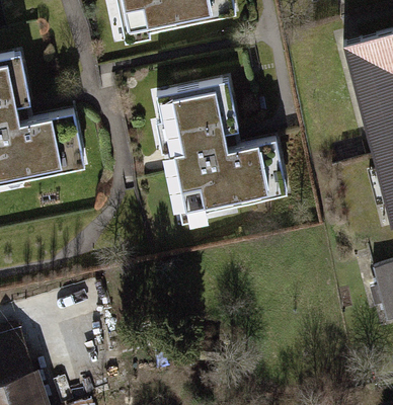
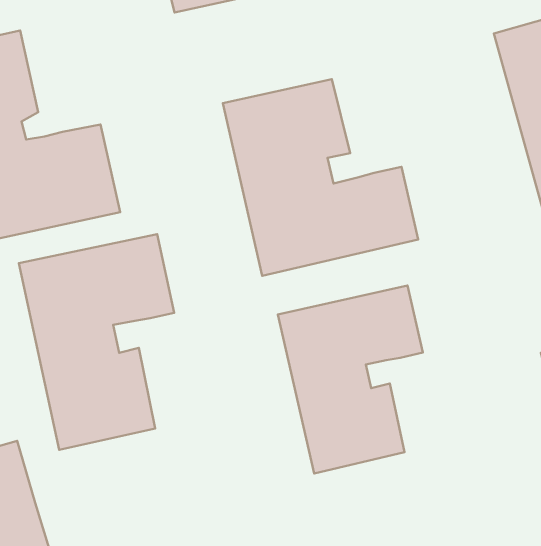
building: none -> [19,234,174,450]
building: none -> [278,285,423,473]

